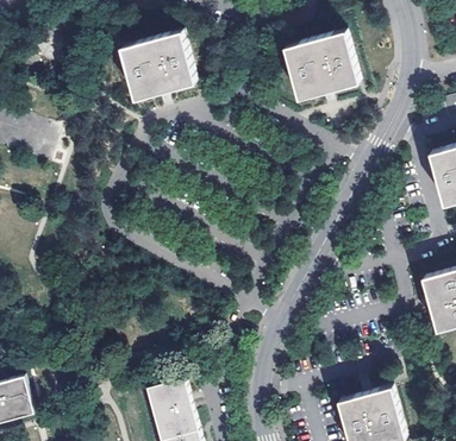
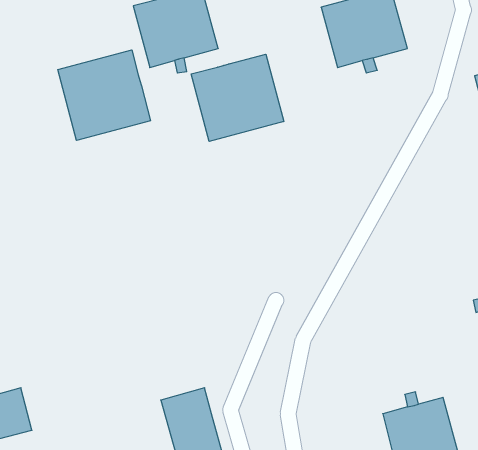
building: none -> [58,50,151,140]
building: none -> [191,54,284,141]

